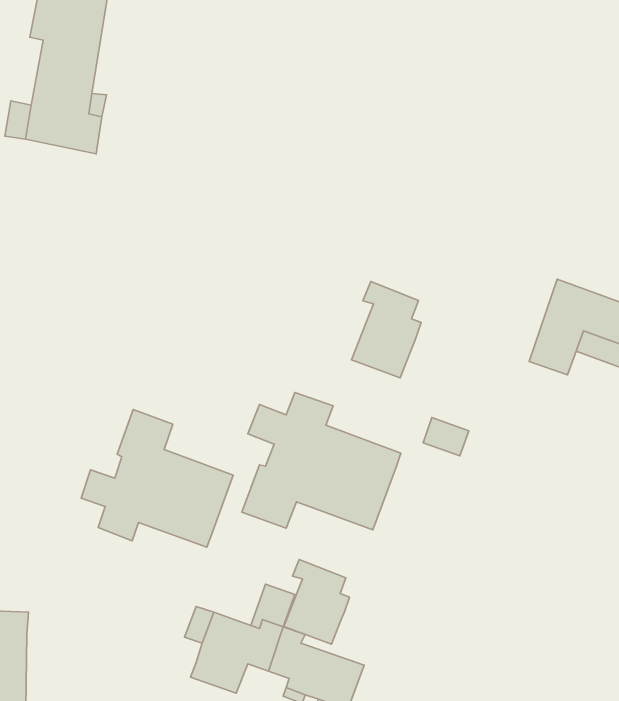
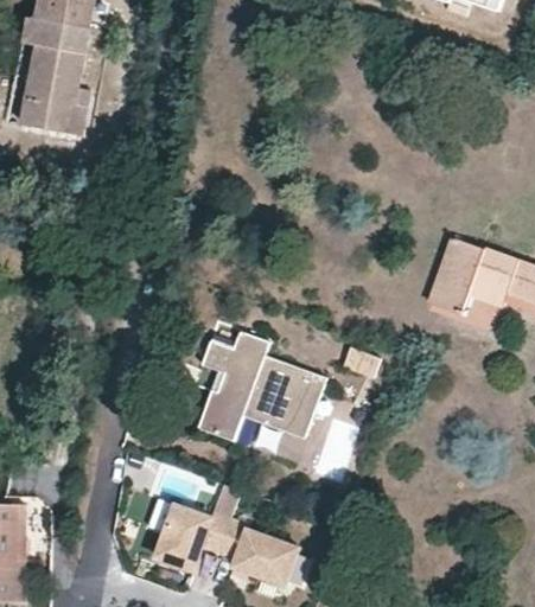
building: [352,282,421,378] -> none
building: [81,410,233,547] -> none
building: [284,560,349,644] -> none

